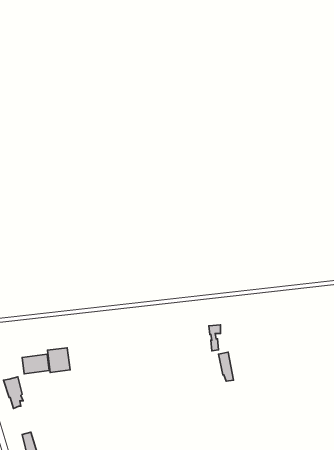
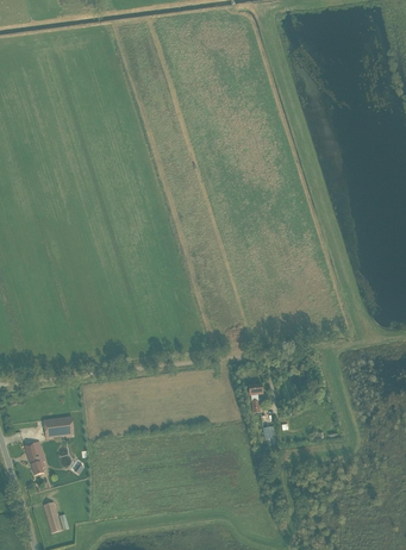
building: [47,348,70,372] -> none

